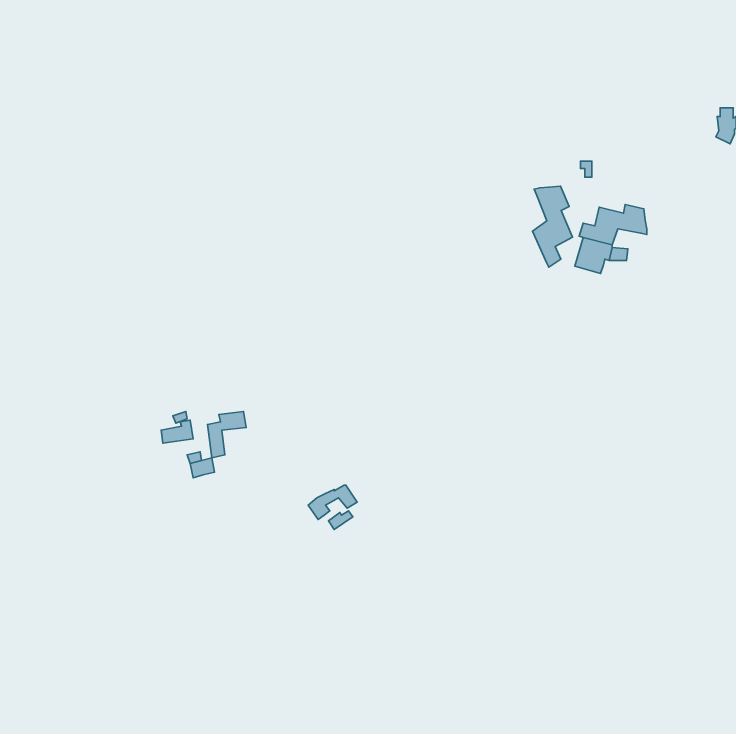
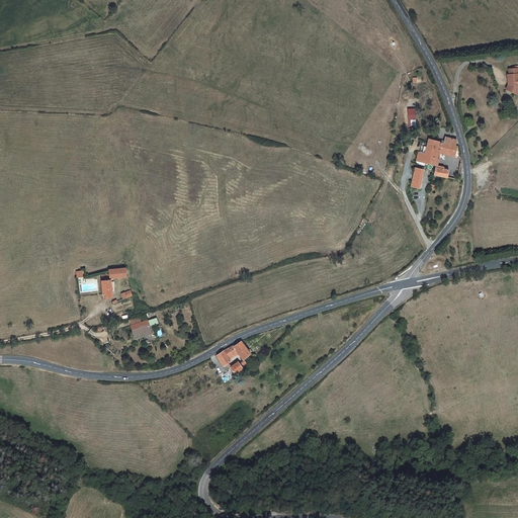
building: [533,186,573,267] -> none
building: [207,412,246,458] -> [100,267,127,299]

